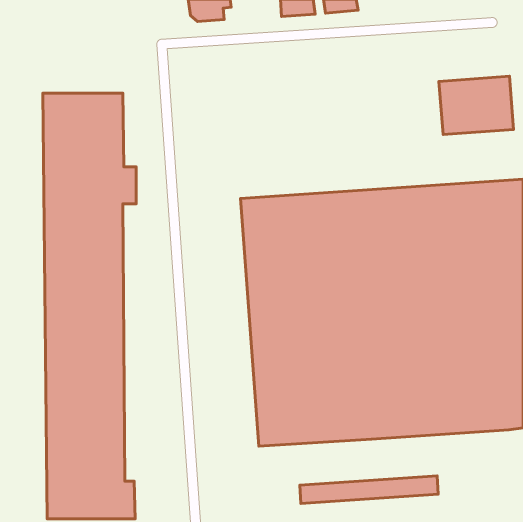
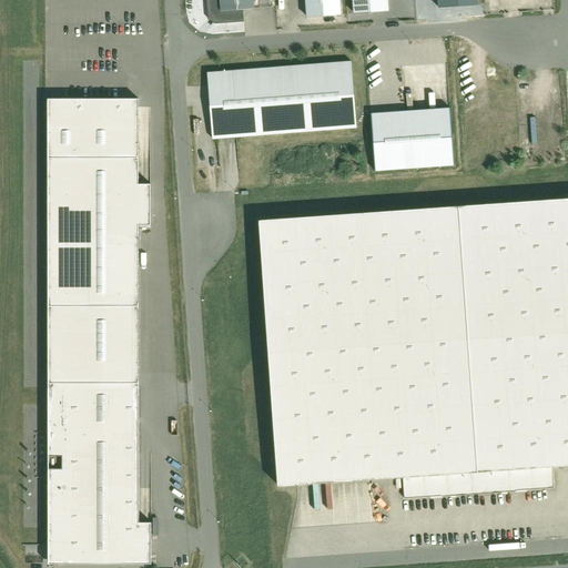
building: none -> [209,60,354,140]
building: [439,76,514,135] -> [374,113,455,176]
building: [300,476,438,503] -> [403,466,552,496]

